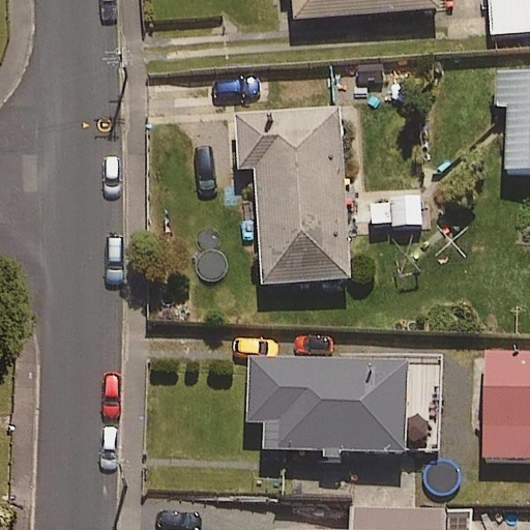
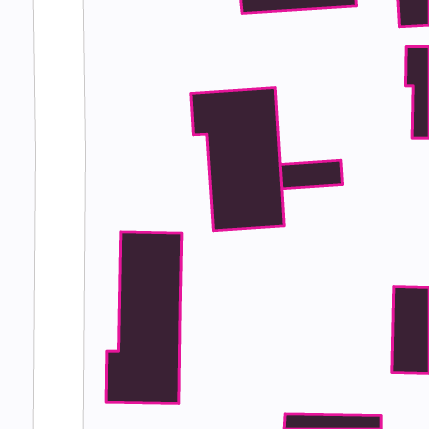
building: none -> [106,232,182,403]
building: [248,358,408,457] -> none

